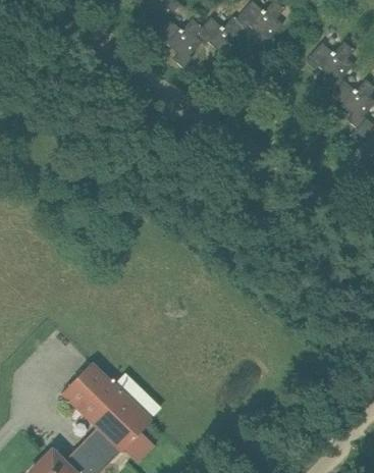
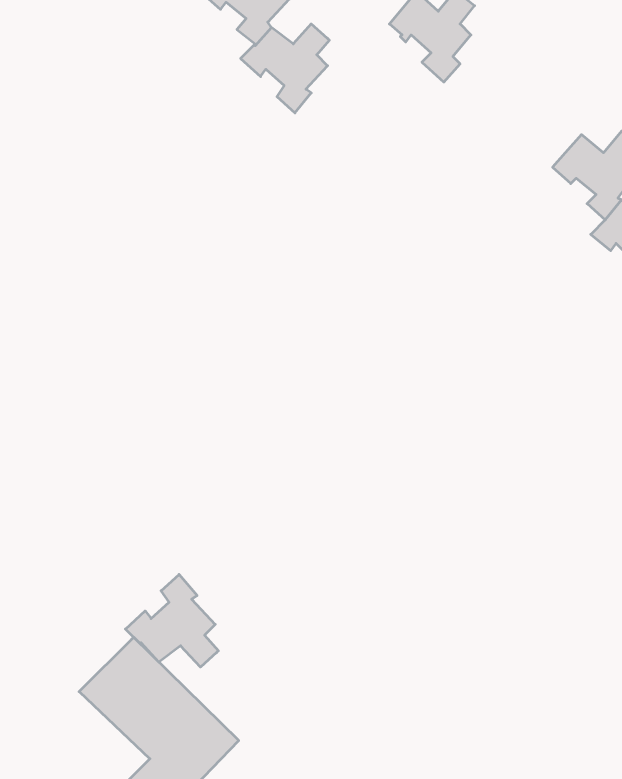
building: [196,14,244,64] -> none
building: [306,41,355,90] -> none
building: none -> [125,574,218,667]

